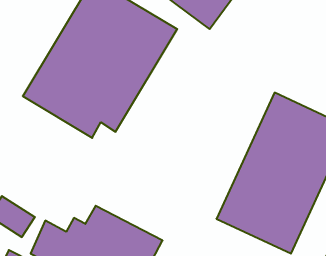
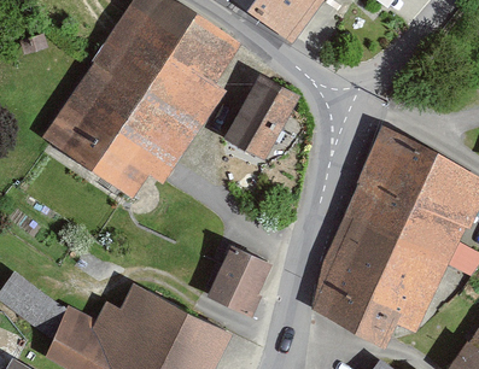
building: none -> [226,70,303,158]
building: none -> [201,246,268,317]

